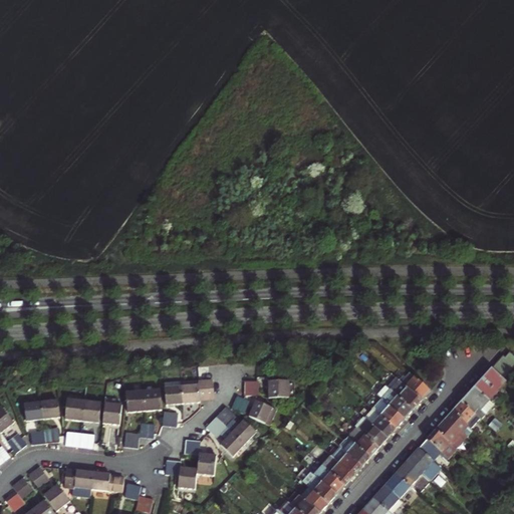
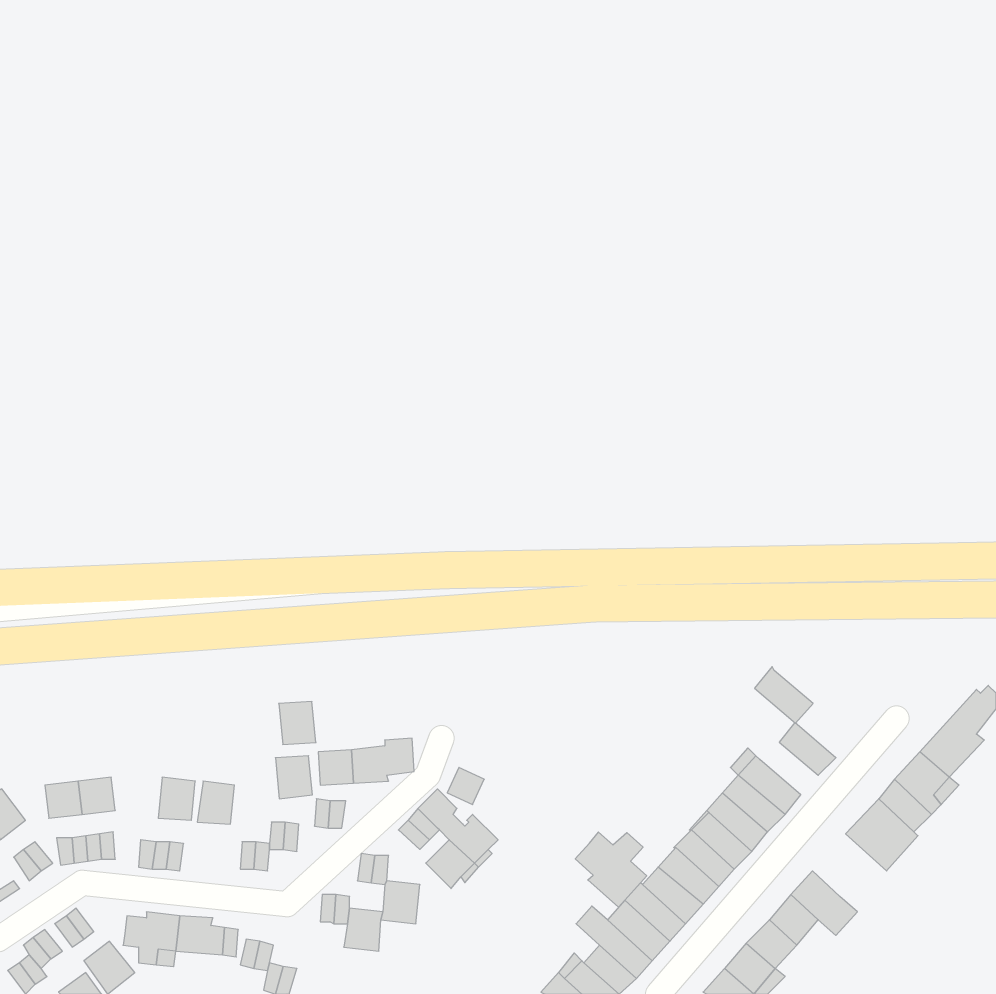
building: [391,379,421,409] -> [755,667,813,723]
building: [267,380,288,398] -> none
building: [124,390,144,412] -> [279,702,316,744]
building: [64,398,83,421] -> none
building: [248,400,275,425] -> none
building: none -> [575,832,647,907]
building: [418,429,457,461] -> none

